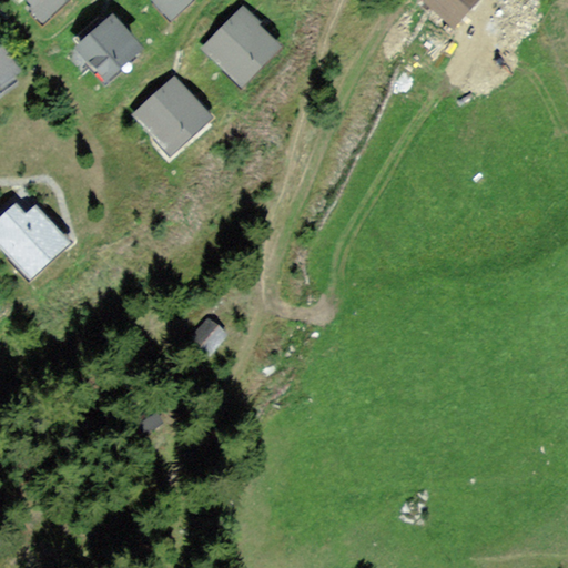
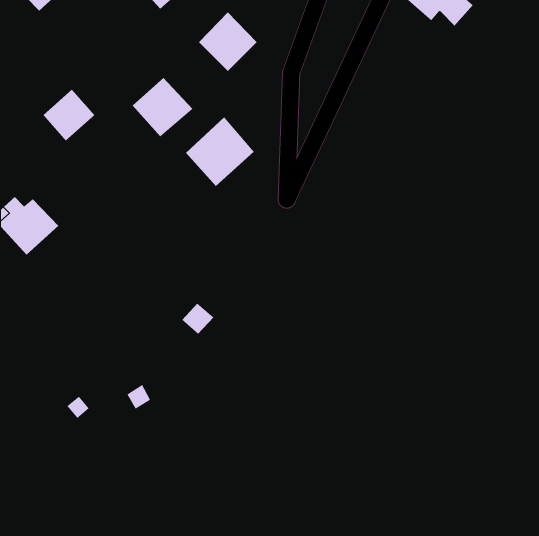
building: [81,19,136,74] -> [42,89,95,142]
building: none -> [185,117,255,187]

